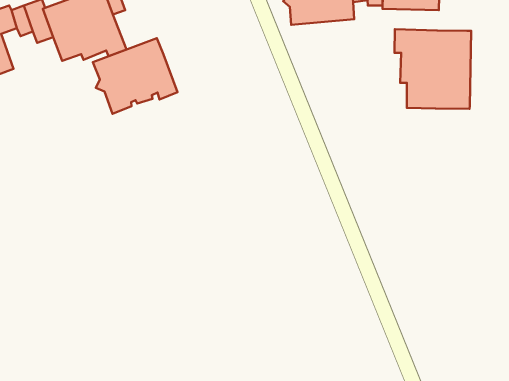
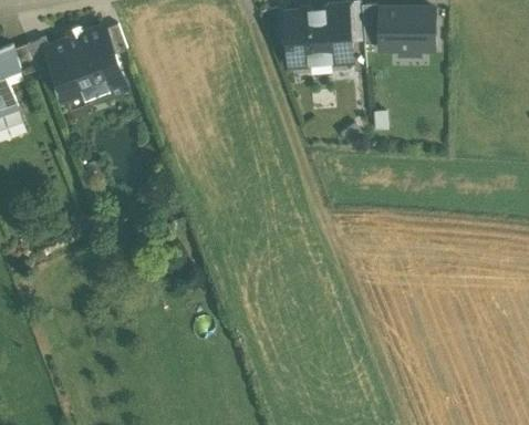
building: [394,29,471,109] -> none
building: [93,38,177,114] -> none

